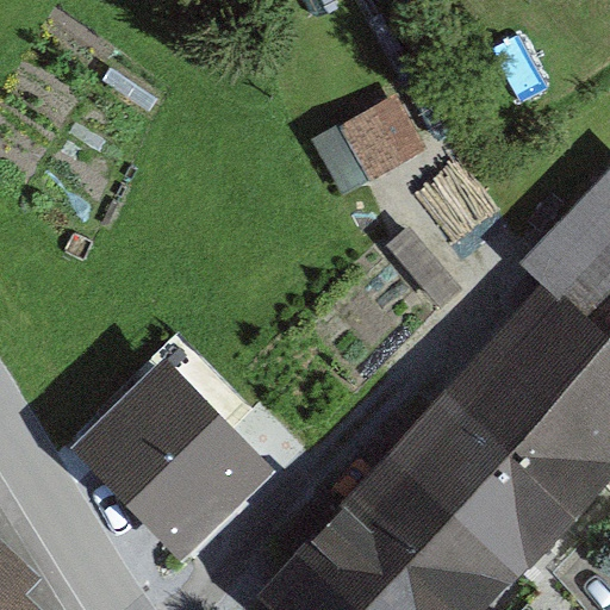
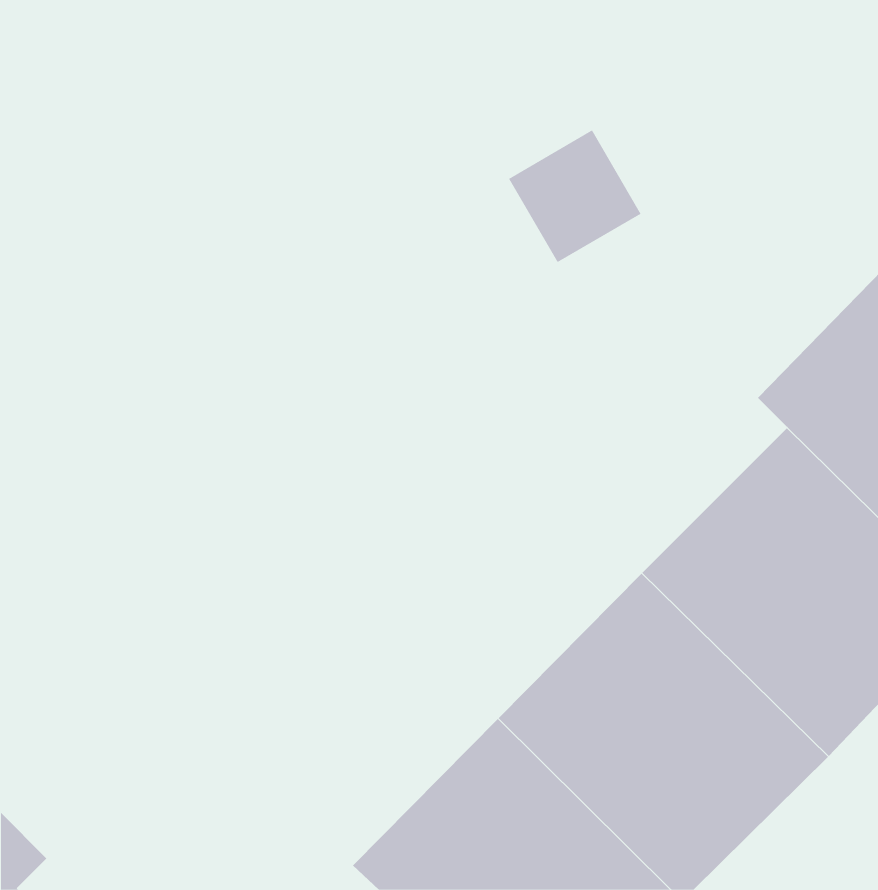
building: [74,373,267,564] -> none

